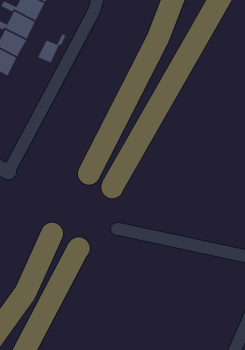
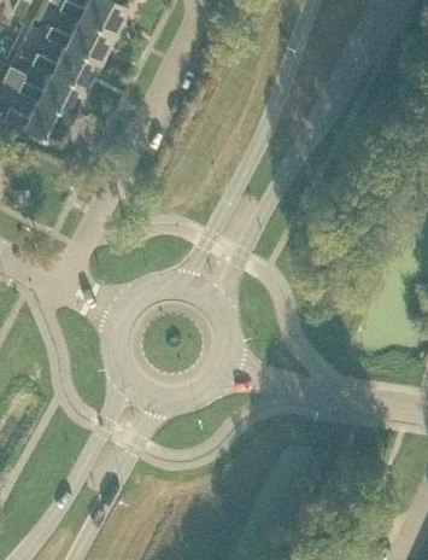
building: [37,33,67,63] -> none

